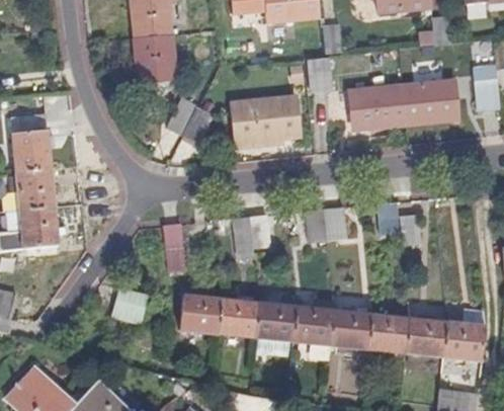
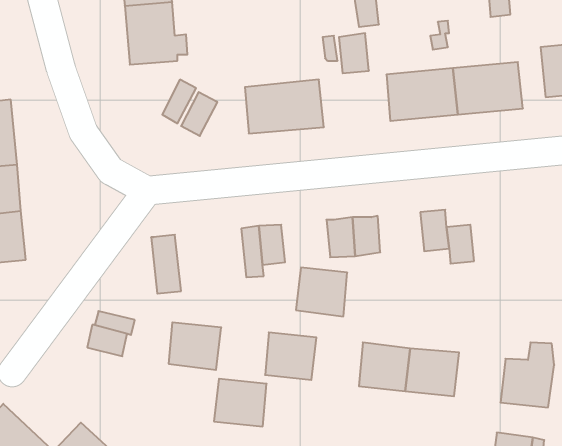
building: [212,298,254,336] -> [214,379,267,426]
building: [288,306,330,345] -> [296,268,347,316]
building: [404,318,445,358] -> none

